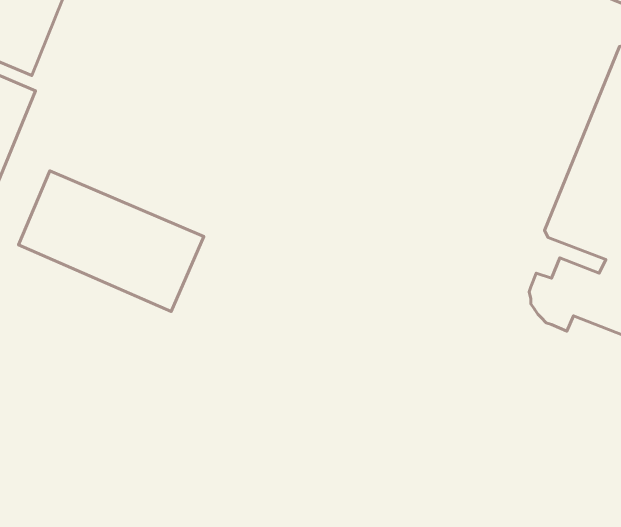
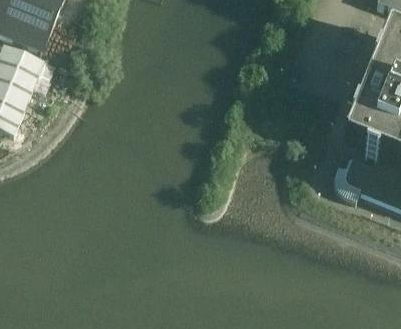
building: [18,171,204,312] -> none

